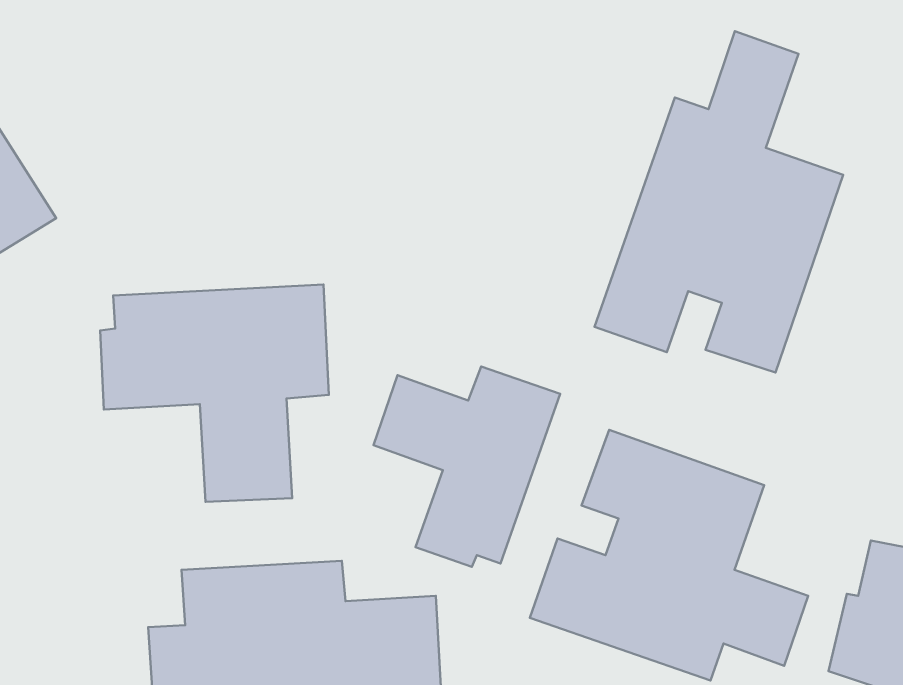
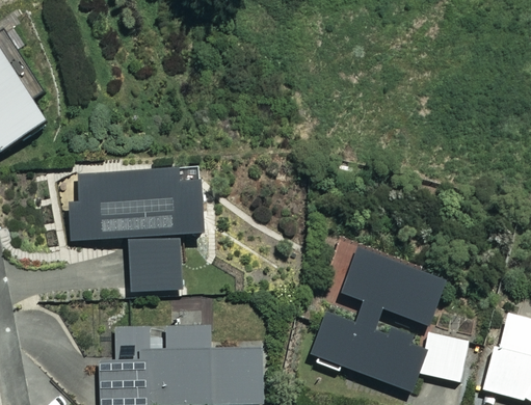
building: [594,31,843,373] -> none
building: [373,366,560,567] -> none

